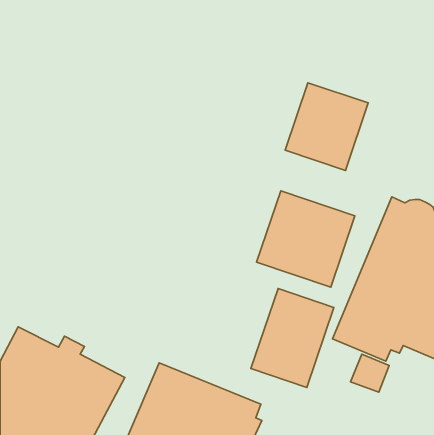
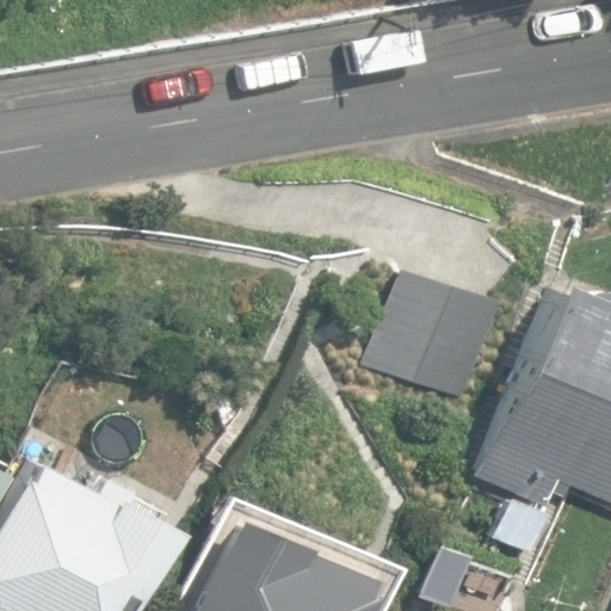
building: [285,83,368,171] -> none
building: [251,289,334,387] -> none

